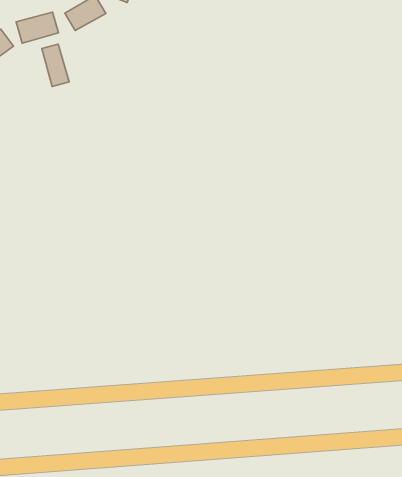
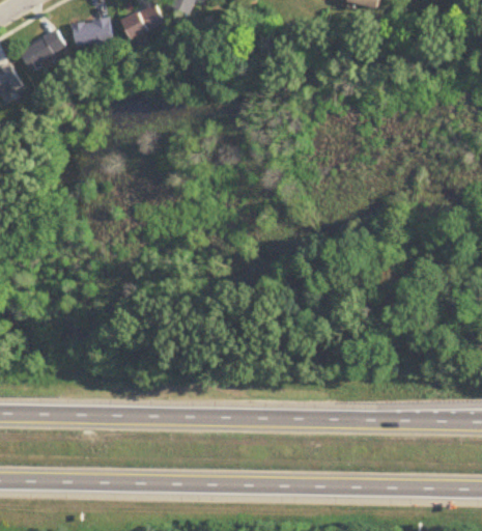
building: [42,44,69,87] -> none

